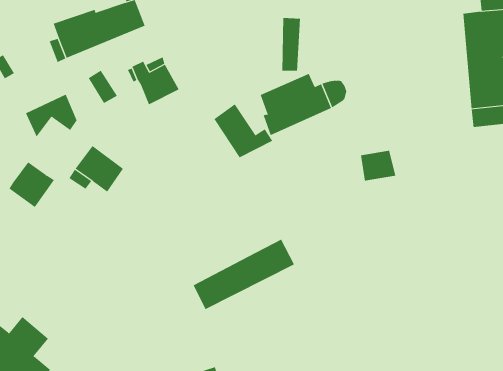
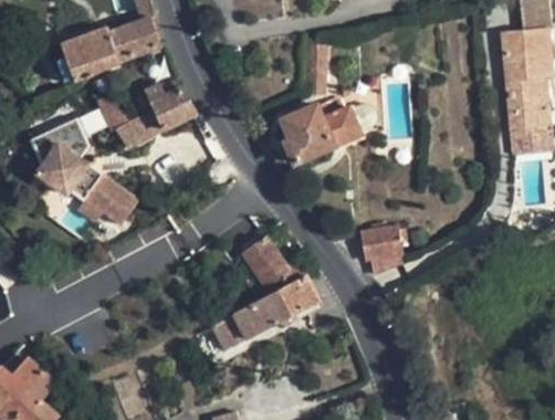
building: none -> [115,109,164,148]
building: [214,104,273,158] -> [242,234,306,293]
building: [360,150,396,181] -> [363,225,401,259]
building: [8,162,55,208] -> [39,144,88,193]

